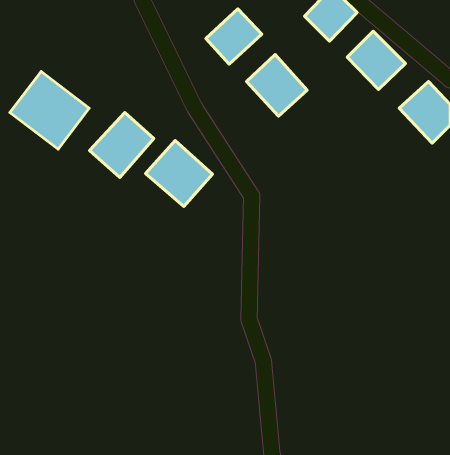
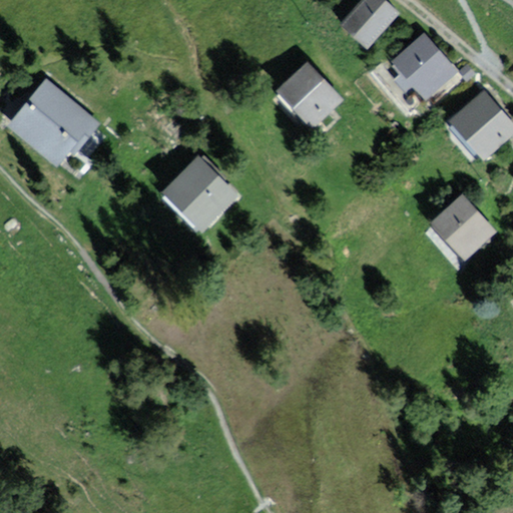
building: [206,9,262,64] -> none
building: [90,112,154,177] -> none
building: none -> [422,194,496,269]

